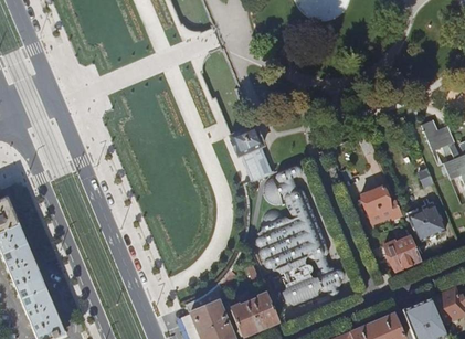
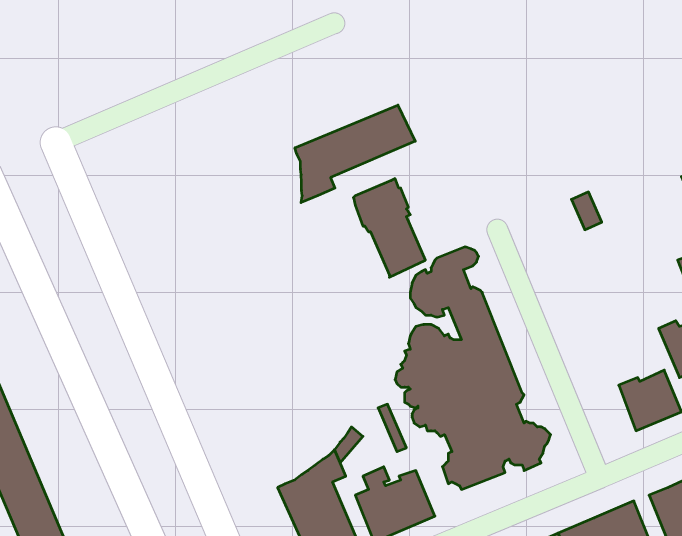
building: none -> [295,105,415,203]
building: [361,183,403,224] -> none

